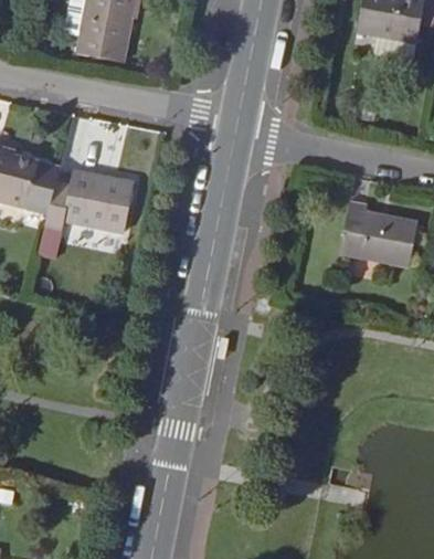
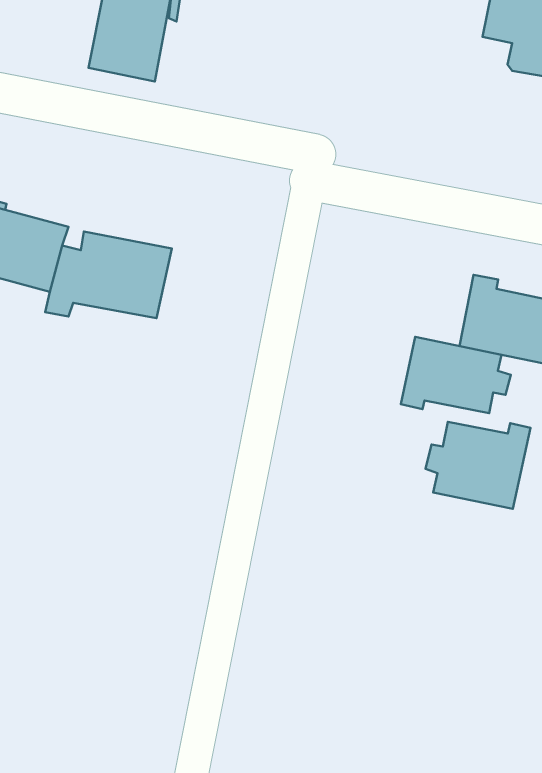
building: none -> [401,337,511,413]
building: none -> [425,422,530,509]

